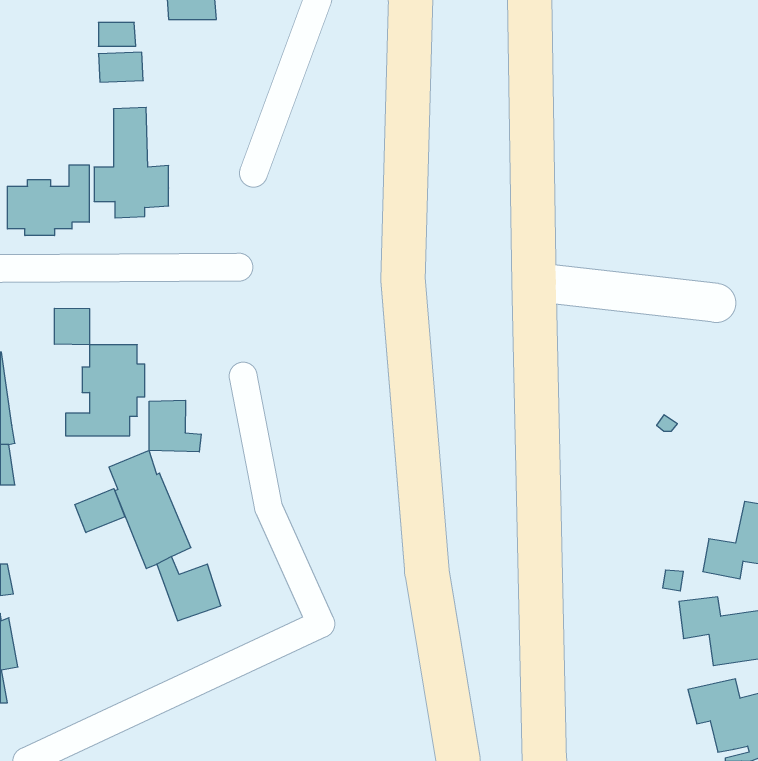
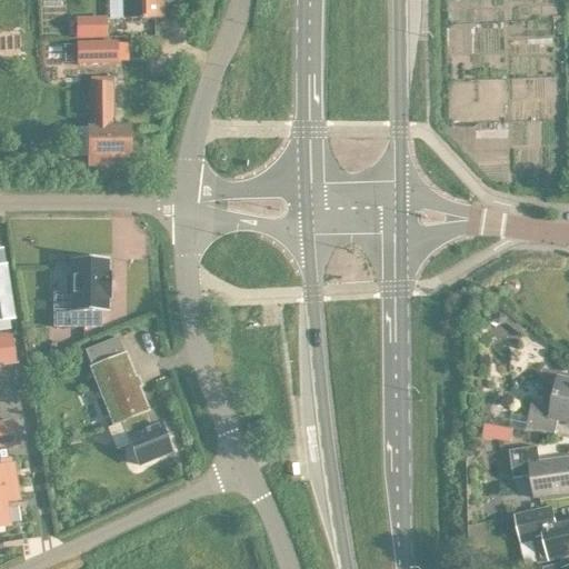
building: [7,165,89,236] -> none
building: [54,308,90,345] -> none
building: [149,400,201,452] -> none
building: [75,489,125,533] -> none

